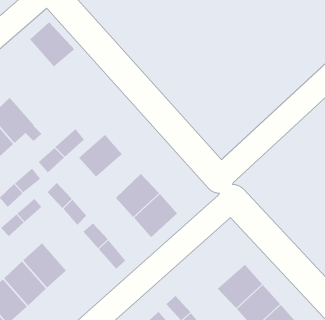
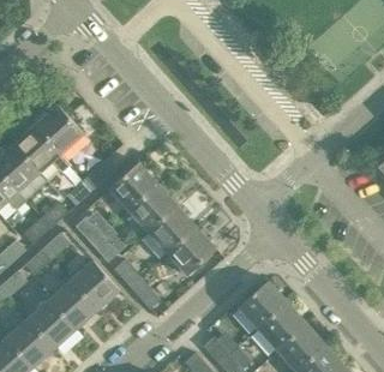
building: [29,22,75,68] -> [35,104,84,154]
building: none -> [127,185,175,232]
building: none -> [68,260,118,310]
building: none -> [238,280,287,329]

